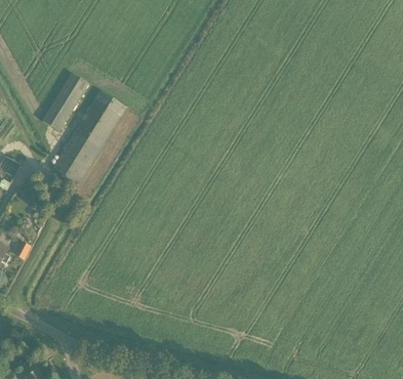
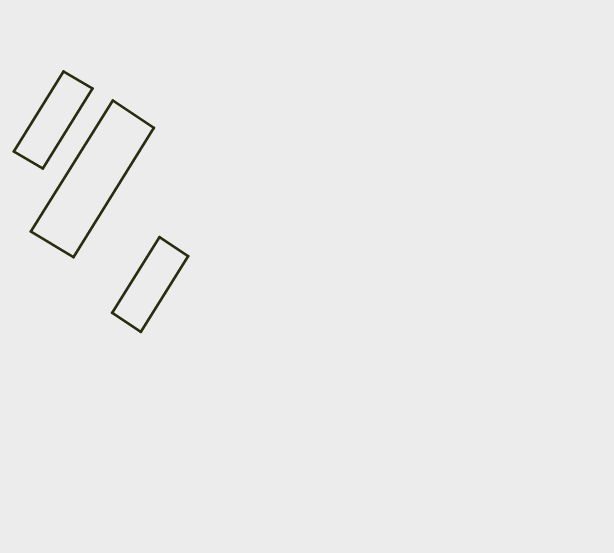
building: none -> [112,237,188,332]

